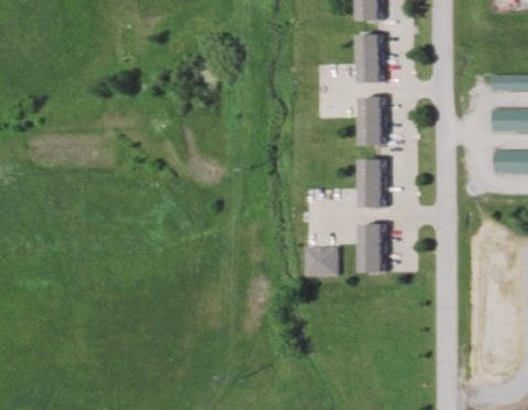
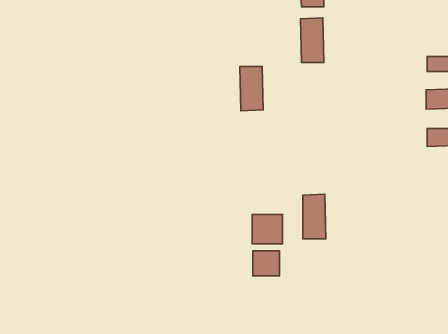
building: [357,96,382,144] -> [240,66,263,111]
building: [356,159,381,207] -> none
building: none -> [253,251,280,276]

